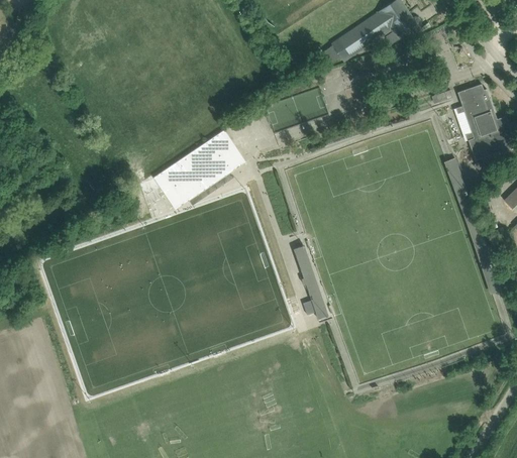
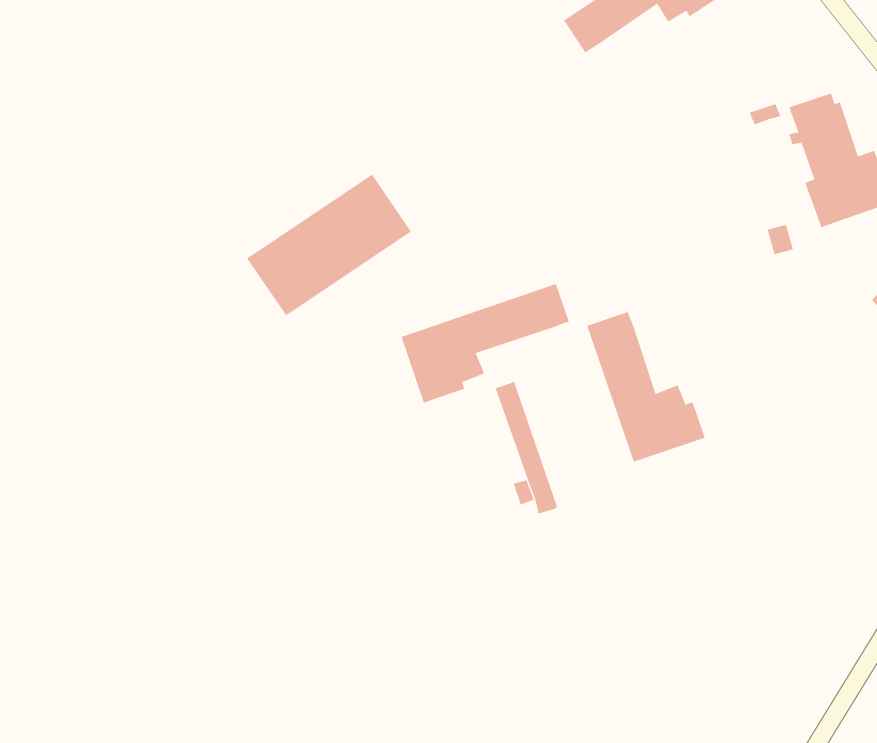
building: none -> [401,283,570,403]
building: none -> [587,311,705,463]

